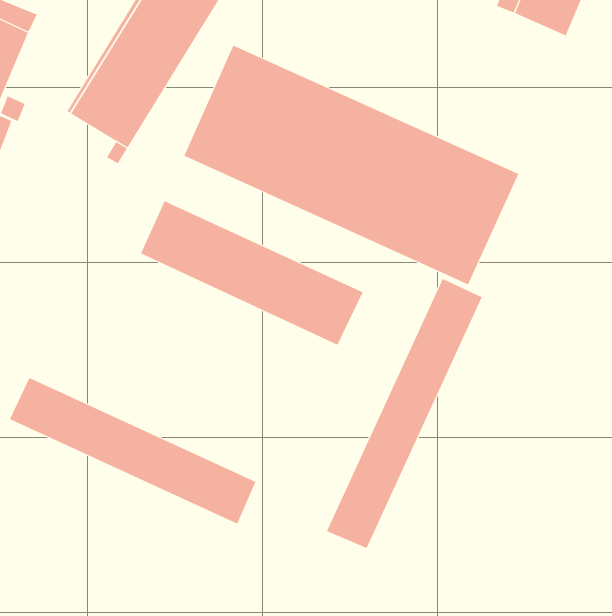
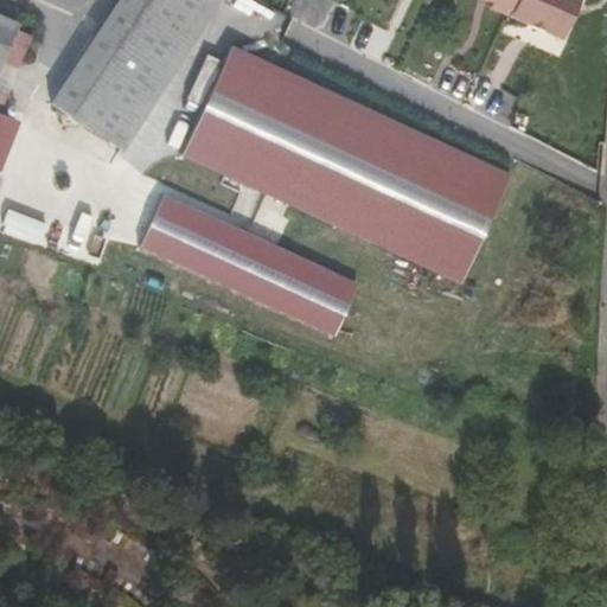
building: [326,278,482,549] -> none
building: [9,377,256,525] -> none

